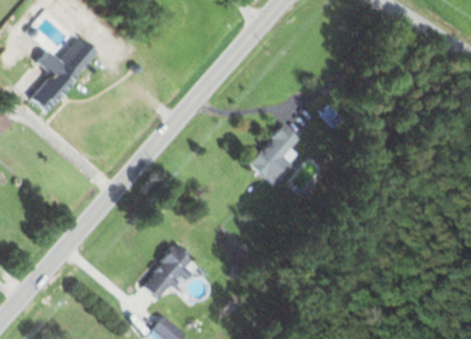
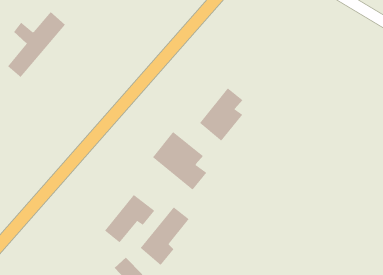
building: none -> [152,131,207,191]
building: none -> [140,206,190,266]

